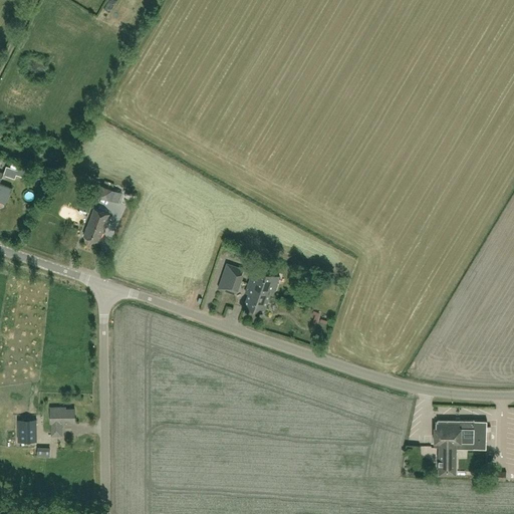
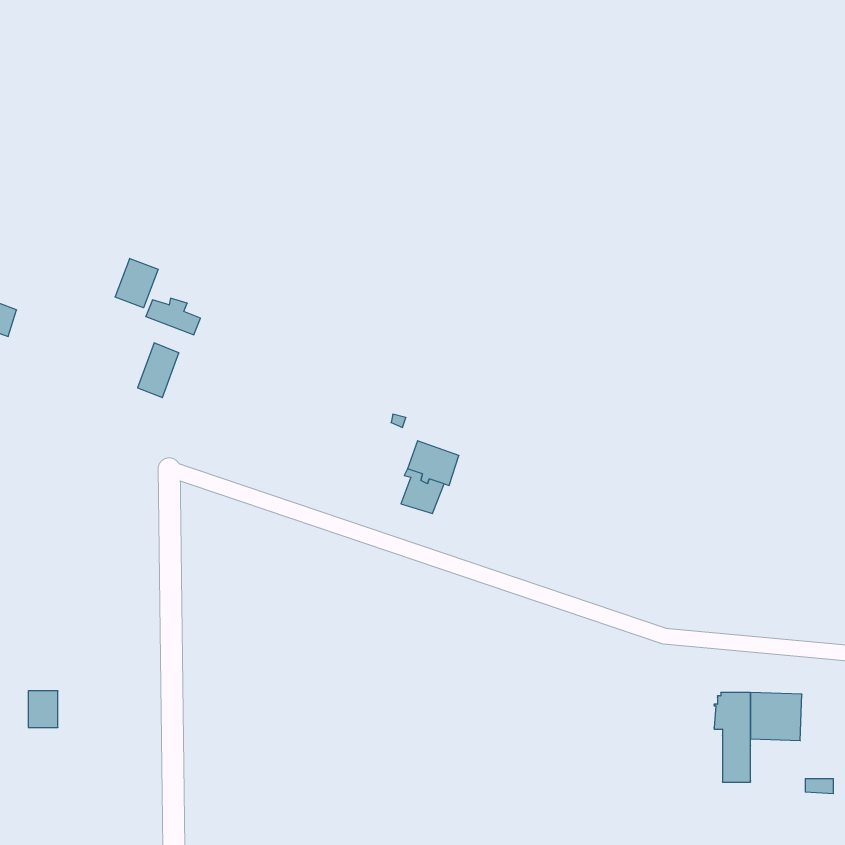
building: none -> [115,258,158,308]
building: [217,264,243,295] -> none
building: [49,408,73,436] -> none

